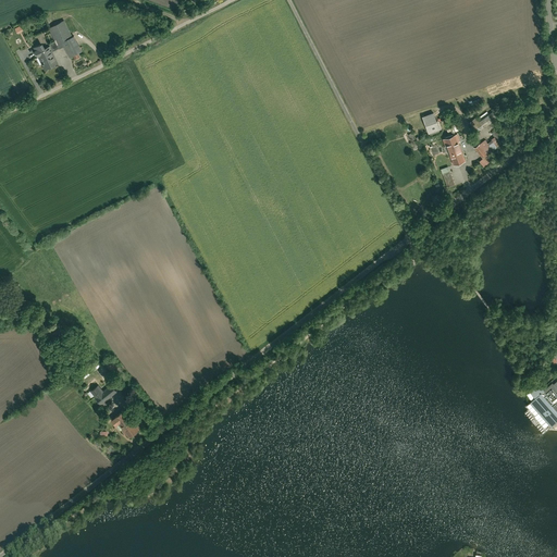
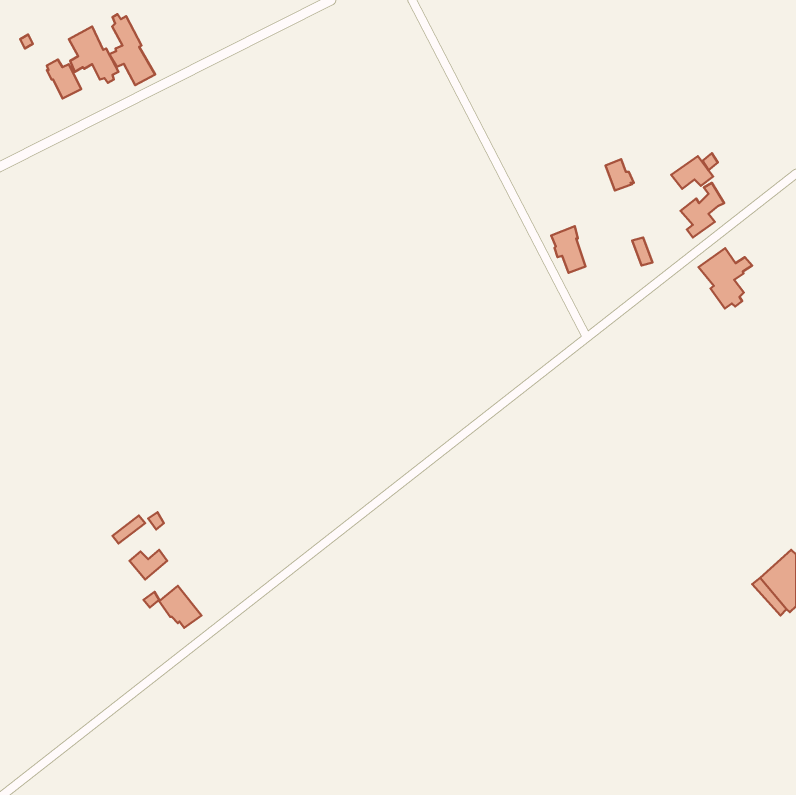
building: none -> [109,14,155,85]
building: [442,134,466,166] -> [551,226,586,273]
building: none -> [699,248,752,308]

